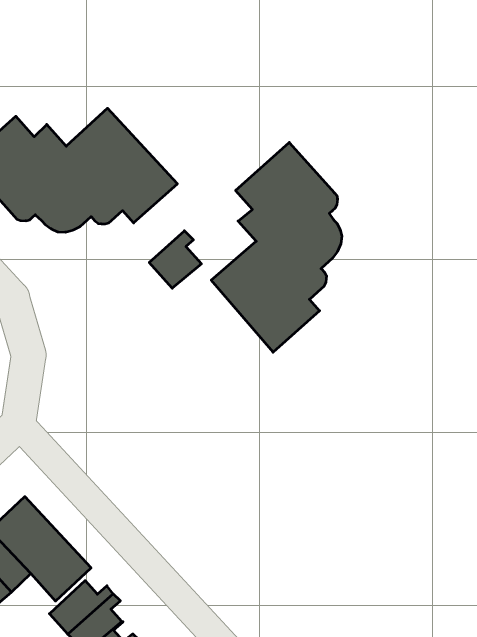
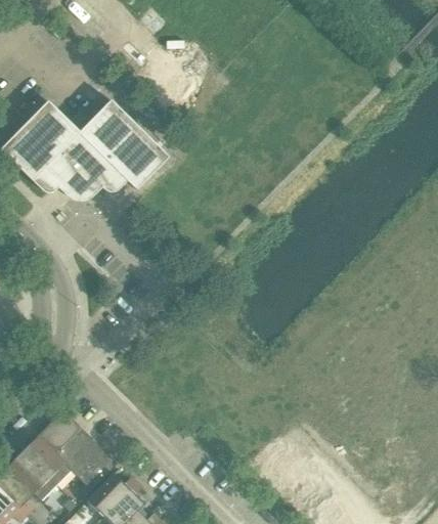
building: [211,142,342,352] -> none
building: [149,231,201,288] -> none

